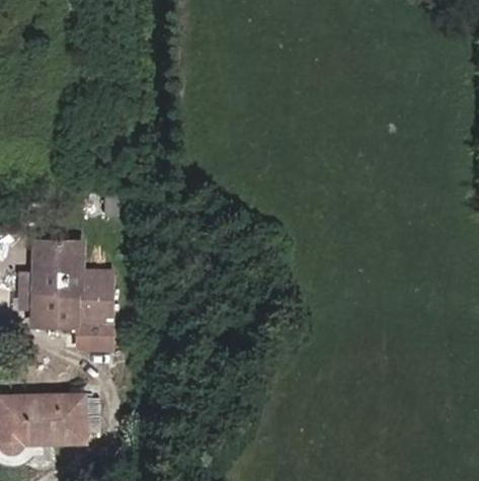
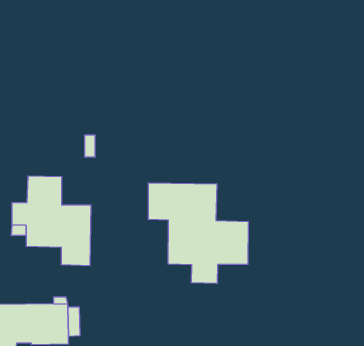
building: none -> [149,183,248,284]

